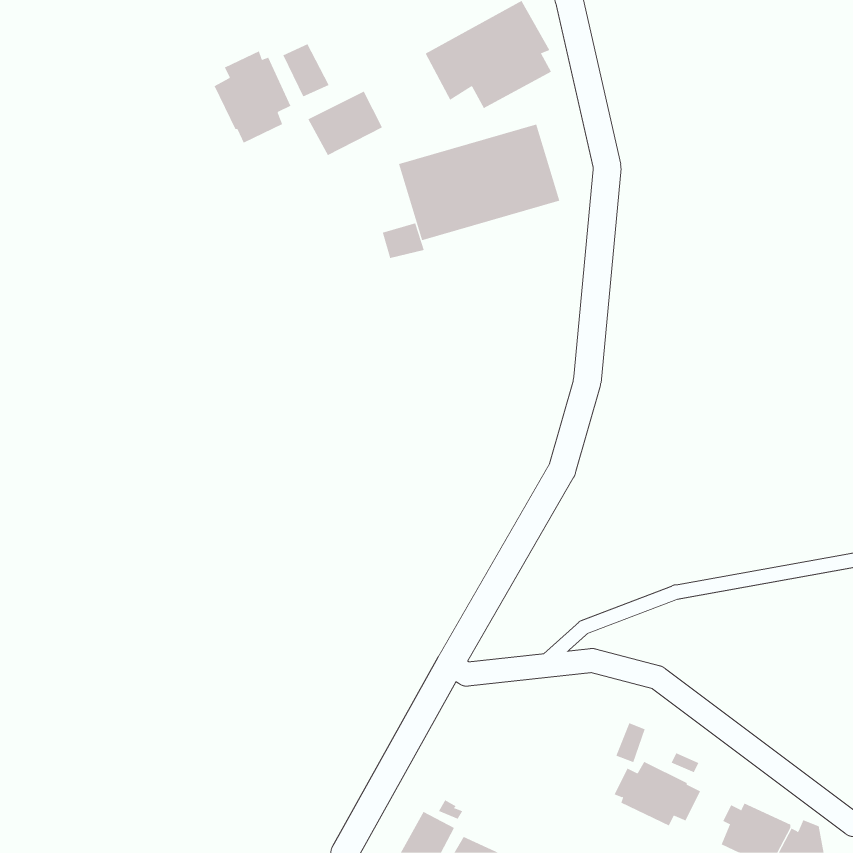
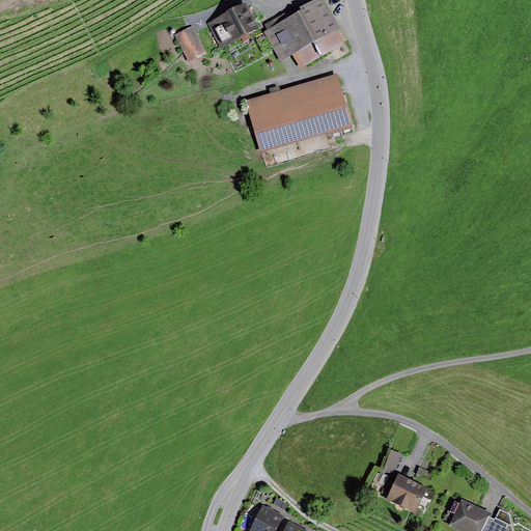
building: [214,51,291,143] -> none
building: [307,91,383,156] -> [208,5,255,46]
building: [382,222,424,259] -> none

